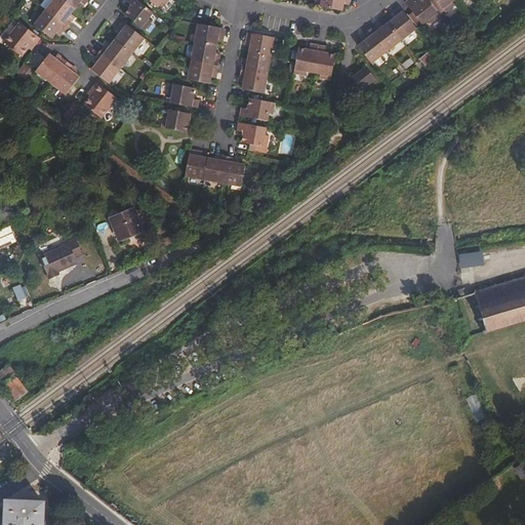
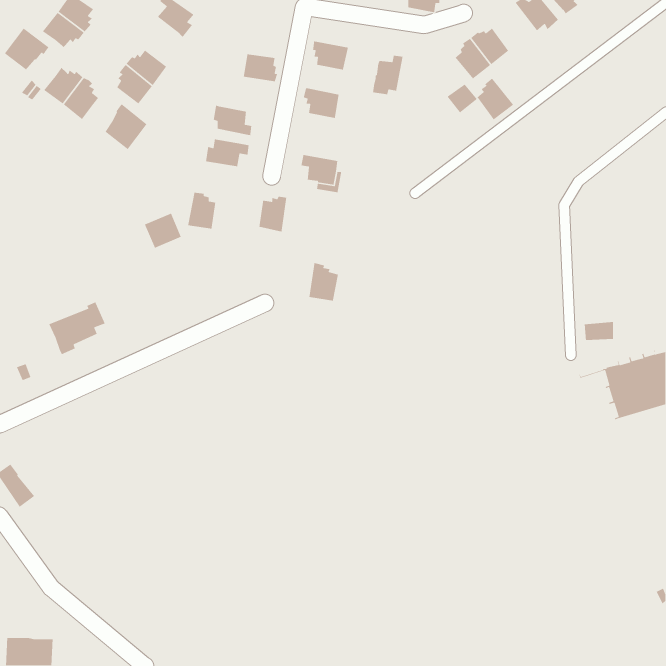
building: [387,6,416,40] -> [476,78,514,121]
building: [114,21,144,52] -> none
building: [194,23,224,45] -> none
building: [312,44,334,79] -> none
building: [240,51,270,74] -> none
building: [188,60,216,83] -> none
building: [239,97,275,120] -> none
building: [184,149,206,178] -> [187,192,216,230]
building: [221,155,245,186] -> [309,262,339,301]
building: [111,209,140,238] -> [144,212,182,249]

